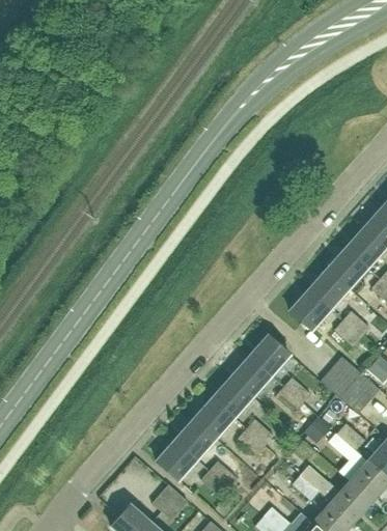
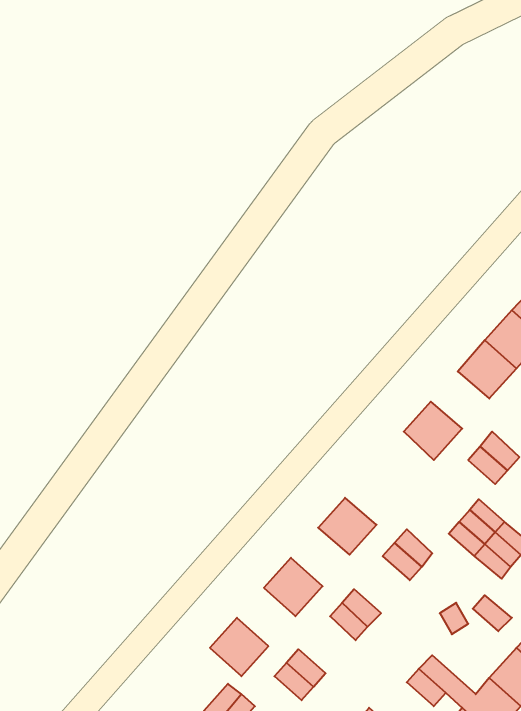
building: [308,270,349,309] -> none
building: [249,335,289,375] -> none
building: [212,378,252,418] -> none
building: [174,419,215,459] -> none

